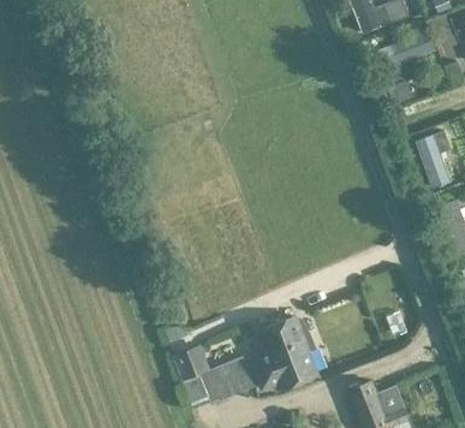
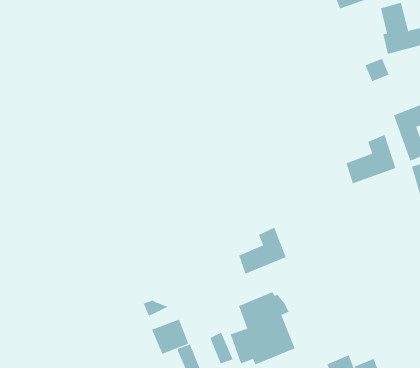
building: none -> [346,134,396,184]
building: none -> [238,227,286,274]

